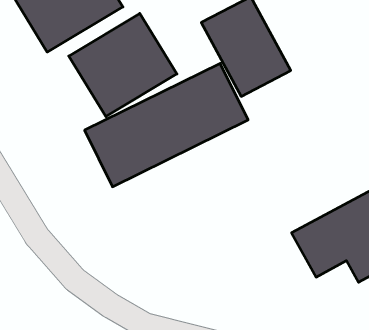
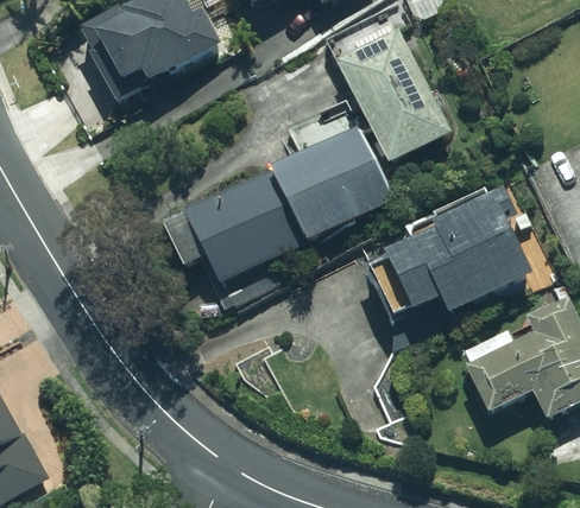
building: [69,13,177,117] -> none
building: none -> [367,185,534,317]

